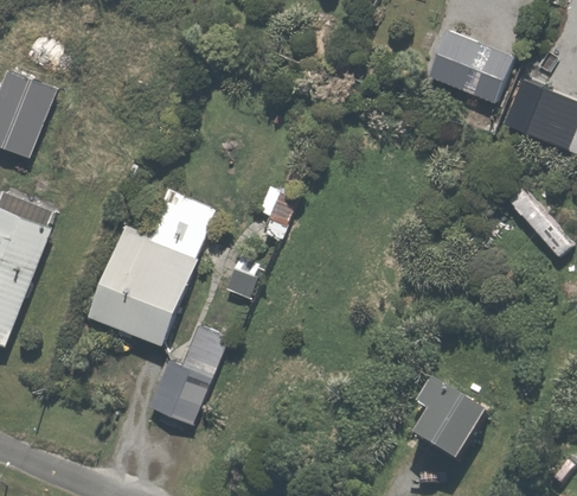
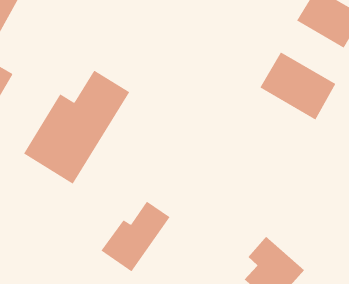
building: none -> [260,52,336,121]
building: [145,326,231,425] -> [101,201,171,272]

